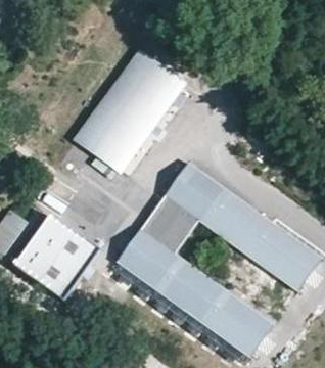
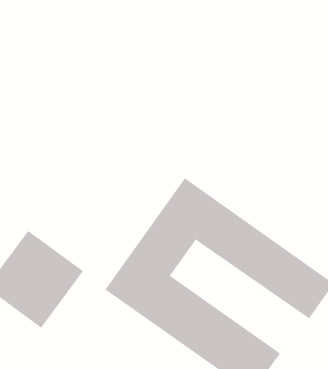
building: [77,49,183,167] -> none

